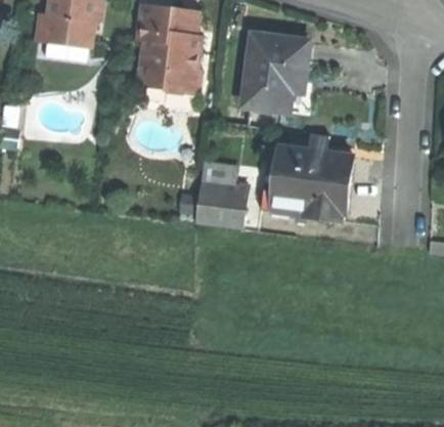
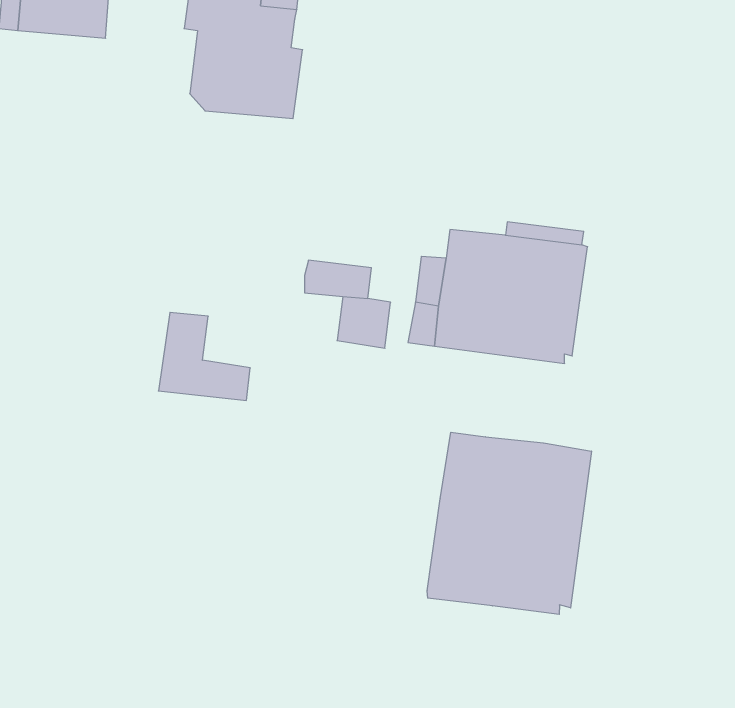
building: [245,33,310,110] -> none
building: [196,179,246,226] -> [158,312,250,400]
building: none -> [427,432,591,614]

